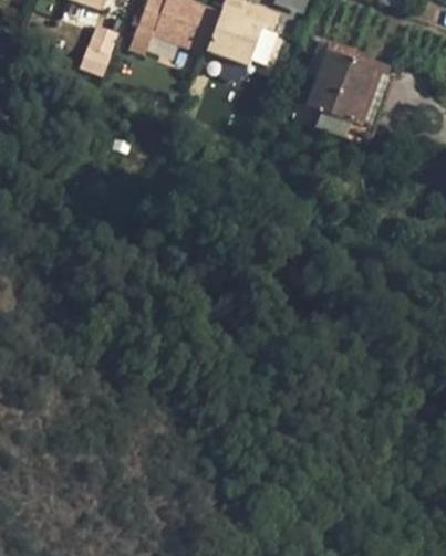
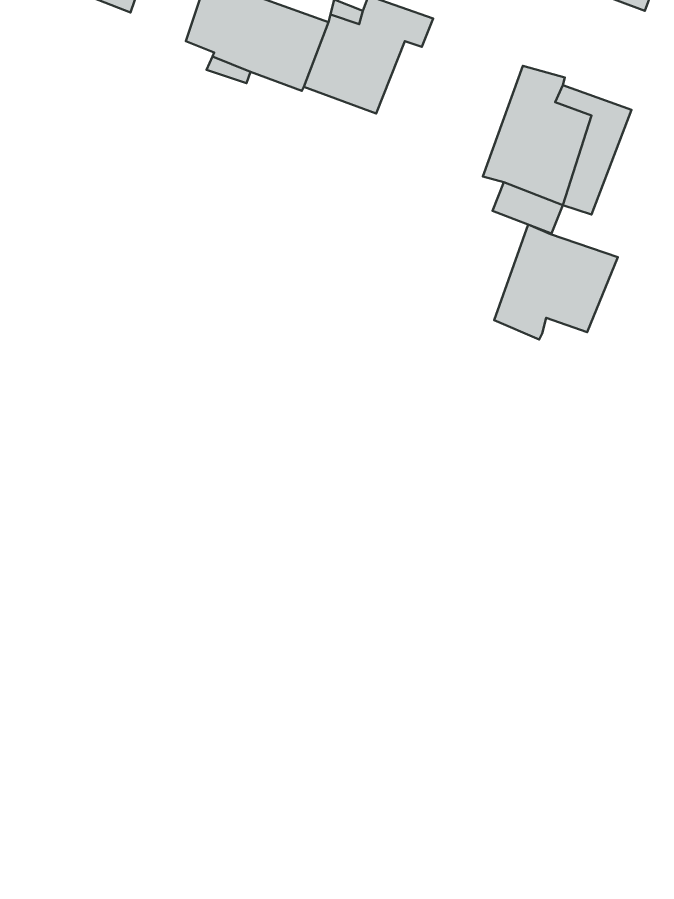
building: [80,19,117,71] -> none
building: none -> [494,225,618,340]

